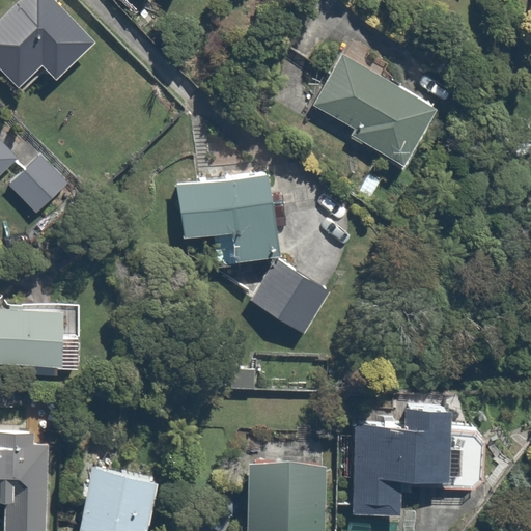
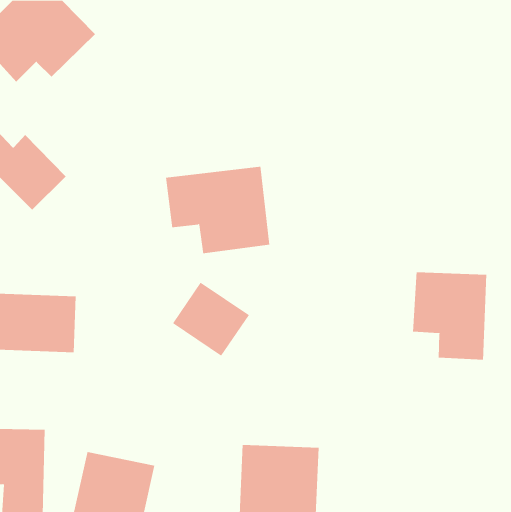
building: [313,56,441,168] -> none
building: [246,258,326,335] -> [172,282,250,356]
building: none -> [413,271,487,360]
building: [348,404,492,516] -> none

